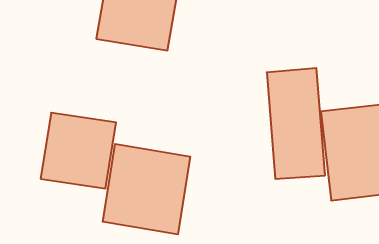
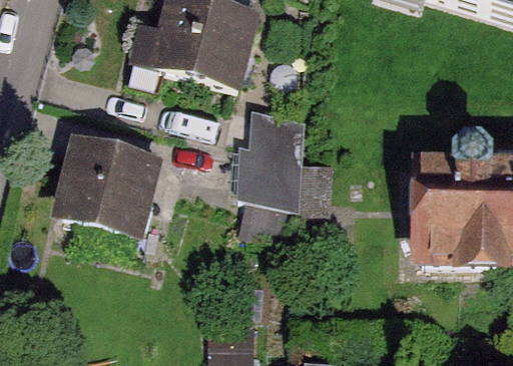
building: [267,68,325,179] -> [252,101,314,228]
building: [103,144,190,234] -> none

